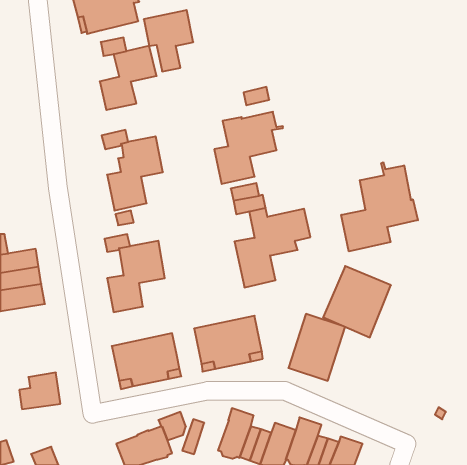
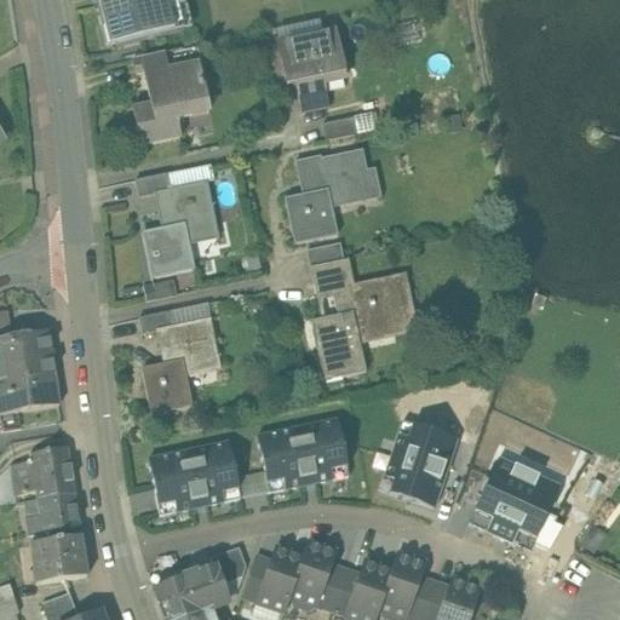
building: [144,10,193,71] -> [279,28,344,109]
building: [341,162,418,251] -> none
building: [323,266,391,337] -> [469,449,558,544]
building: none -> [13,446,75,499]
building: none -> [30,534,88,582]
building: none -> [258,546,304,610]

